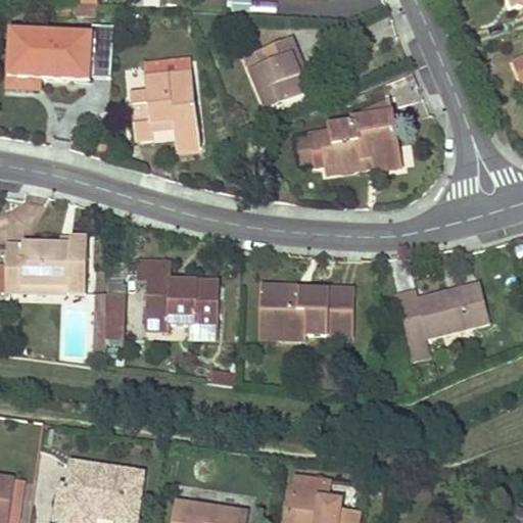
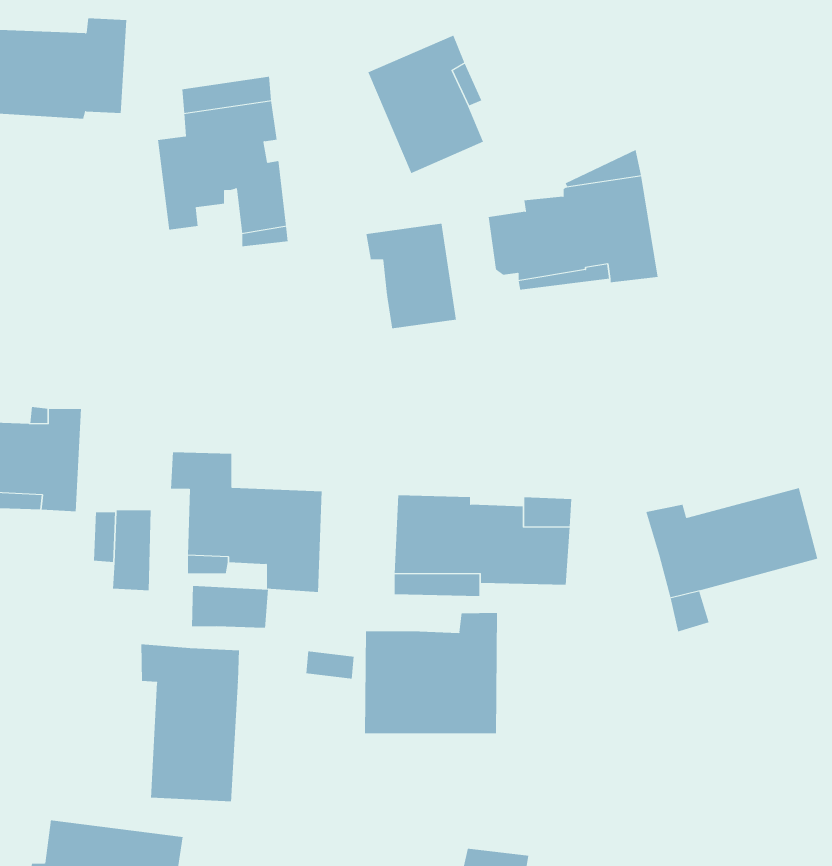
building: none -> [366,223,456,329]
building: none -> [191,585,268,629]
building: none -> [365,612,497,734]
building: none -> [141,643,240,802]

